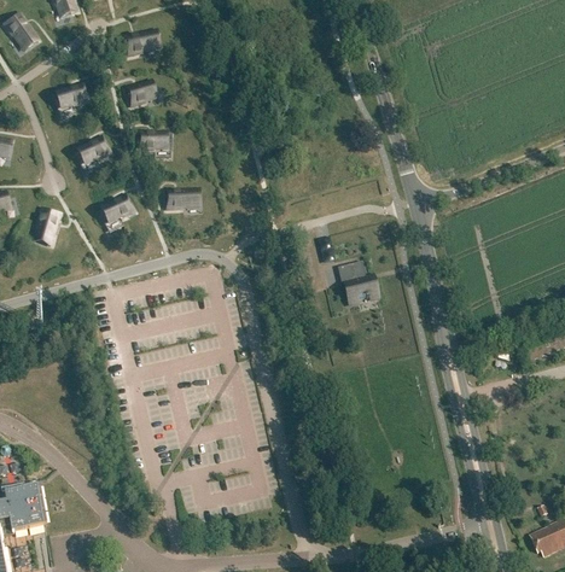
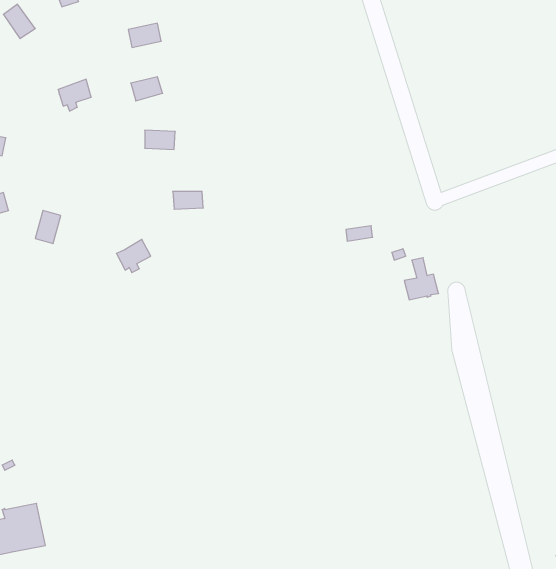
building: [77,138,110,169] -> none
building: [101,195,134,227] -> [116,239,151,273]
building: [344,262,377,302] -> [404,258,439,300]

